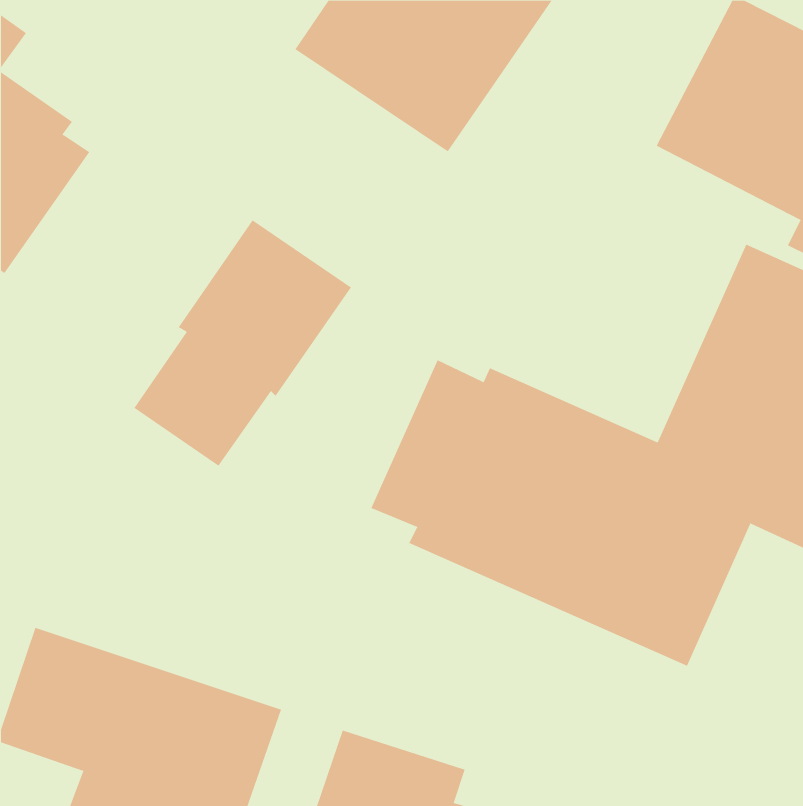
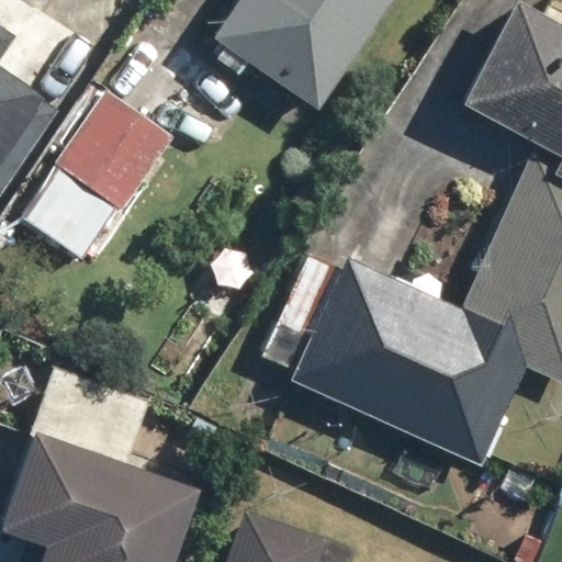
building: [133,219,352,467] -> [23,87,175,258]

